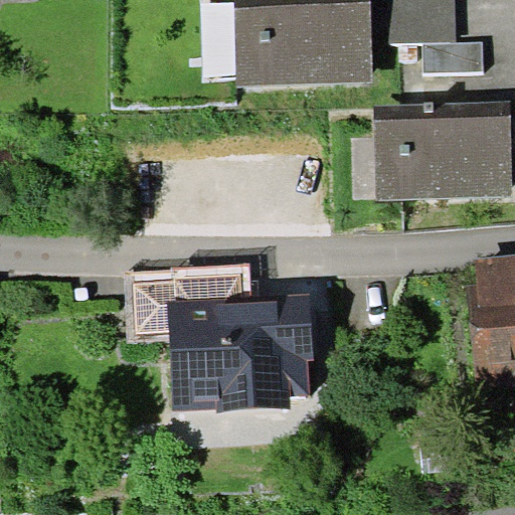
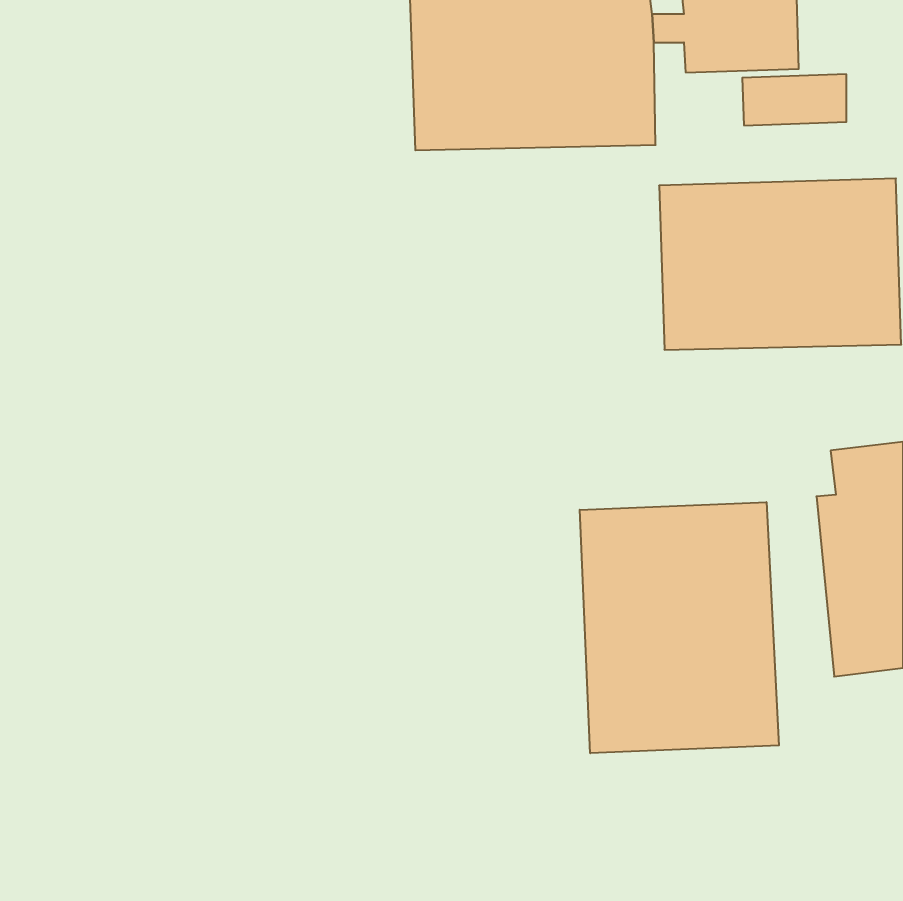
building: [133,273,314,409] -> none
building: none -> [580,502,779,753]

